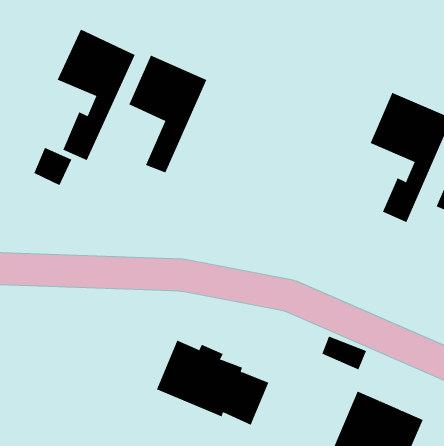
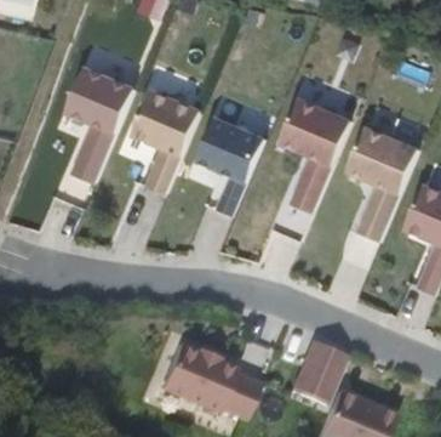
building: none -> [280,95,353,210]
building: none -> [196,119,265,217]
building: none -> [290,354,337,402]

